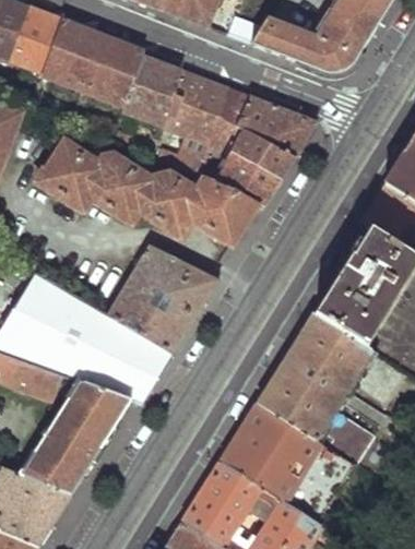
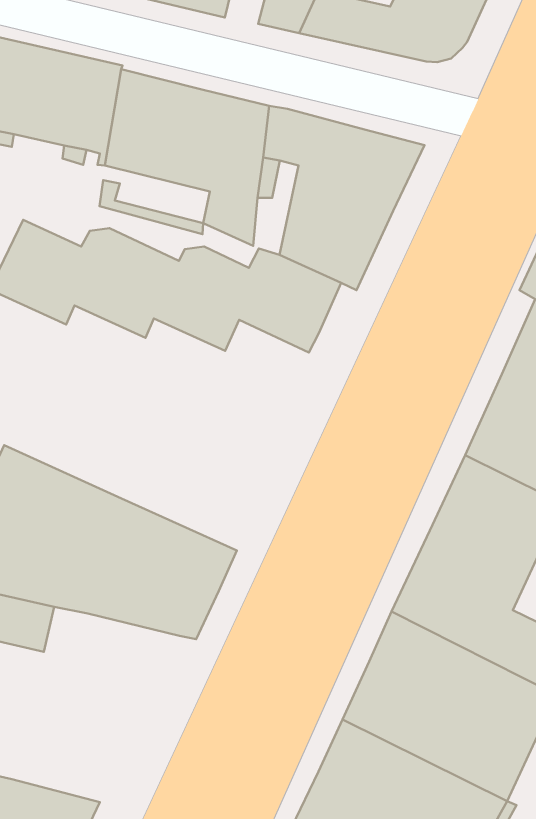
building: [106,244,217,354] -> none
building: [17,380,130,494] -> none

